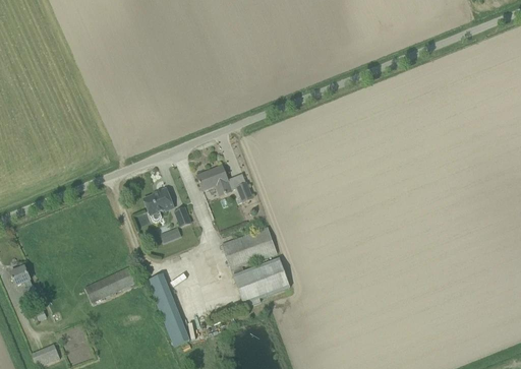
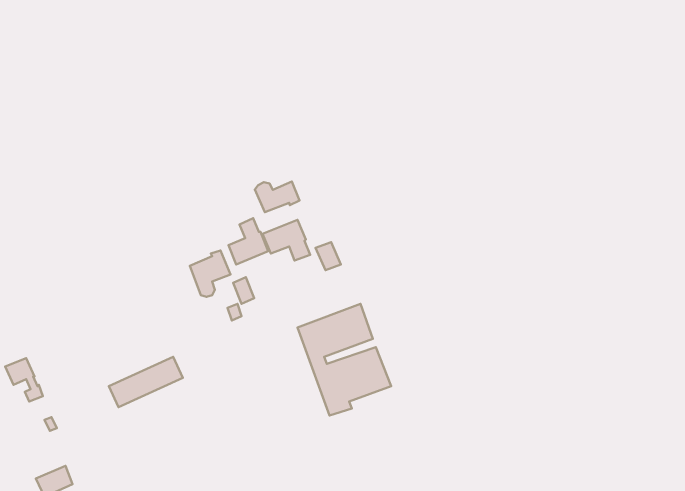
building: none -> [255,182,300,212]
building: none -> [229,218,268,264]
building: [148,273,188,348] -> none

